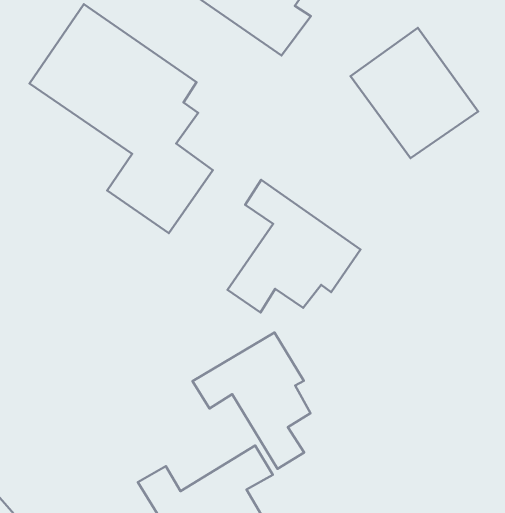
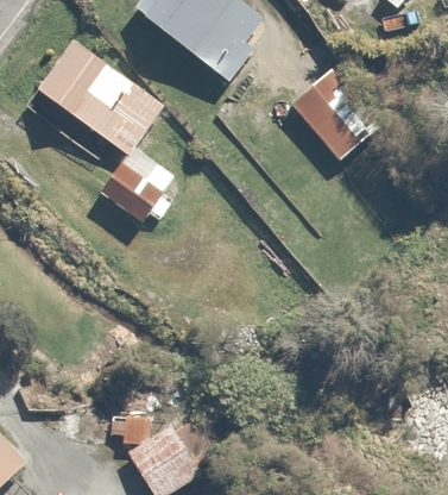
building: [227,180,361,312] -> none
building: [192,332,310,469] -> none

